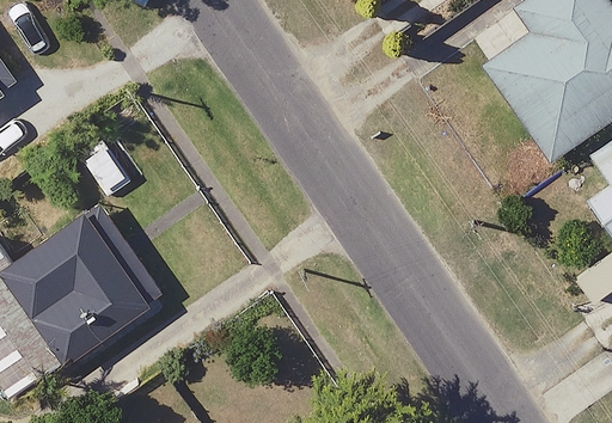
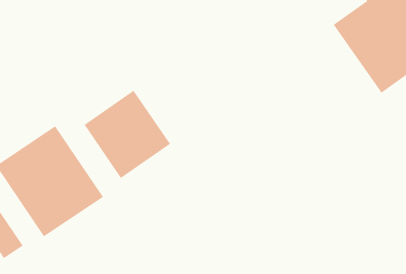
building: none -> [84,90,171,179]

